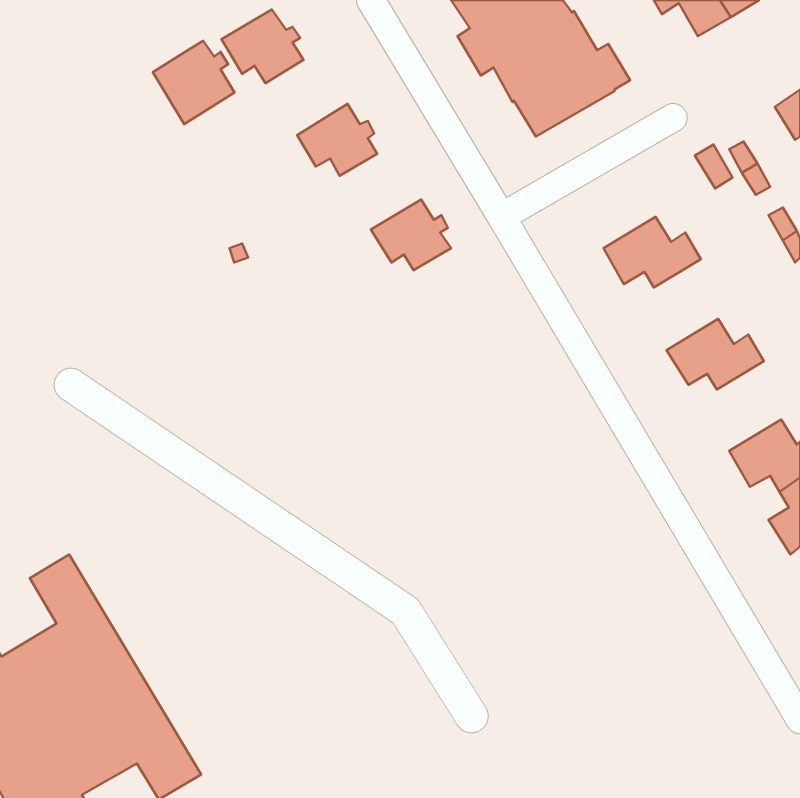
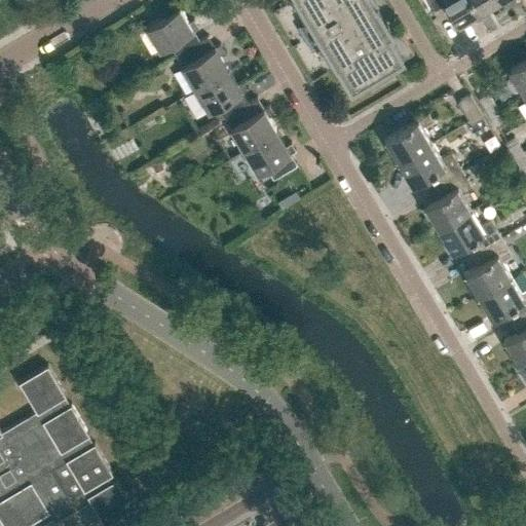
building: [153,41,235,124] -> [174,37,227,91]
building: none -> [222,99,275,153]
building: none -> [381,117,428,165]
building: none -> [422,173,469,232]
building: none -> [462,239,511,298]

